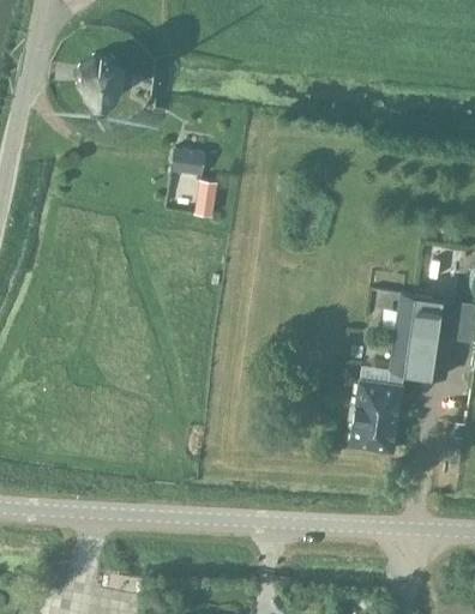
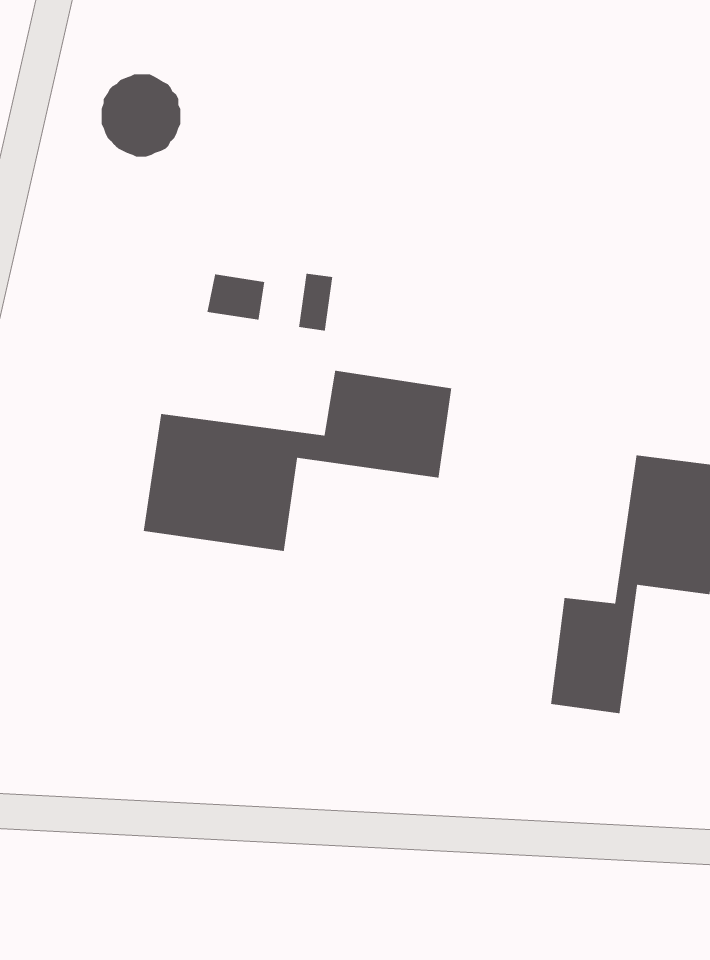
building: [169,146,205,175] -> [207,274,265,320]
building: none -> [143,370,452,552]

